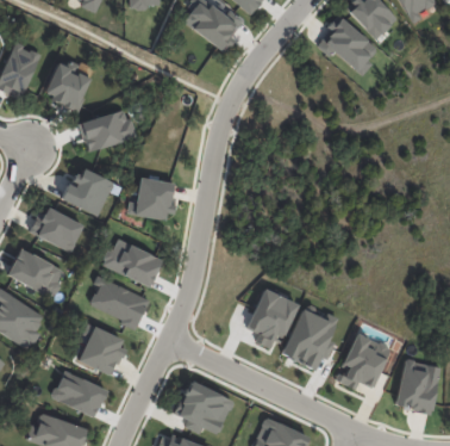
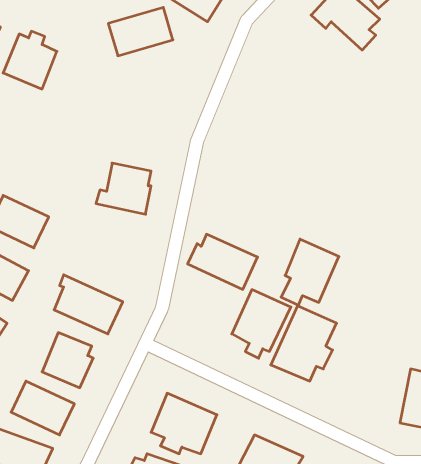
building: [79,109,136,151] -> [108,7,173,56]
building: [63,167,114,216] -> none
building: [101,239,163,287] -> [188,234,258,289]
building: [339,332,390,390] -> [281,239,339,305]

